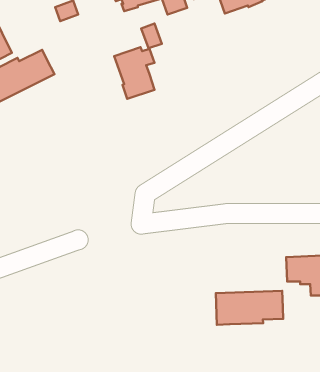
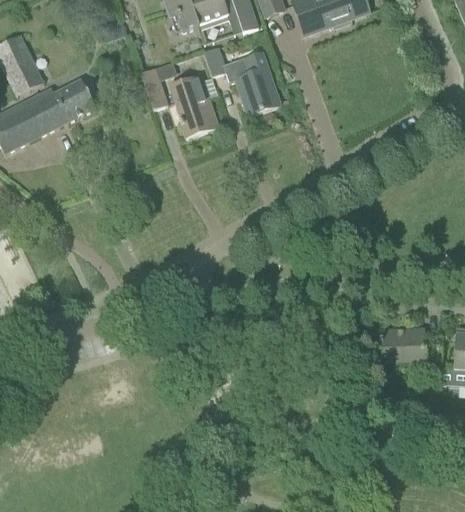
building: none -> [230,50,280,115]
building: none -> [140,67,168,109]
building: [216,291,283,325] -> none

